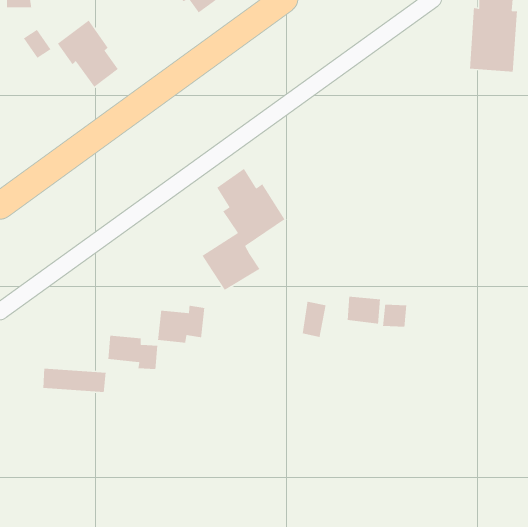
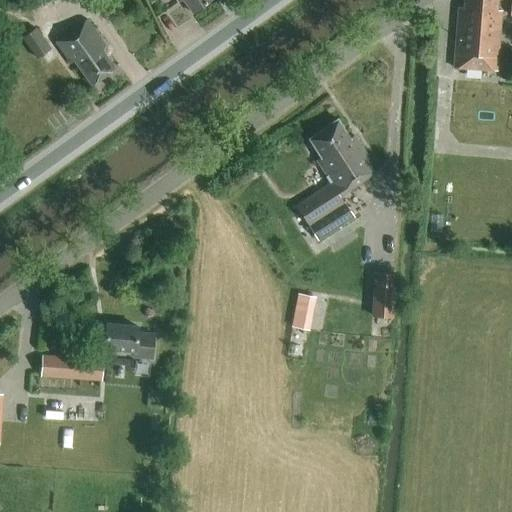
building: [202,168,285,291] -> [296,120,377,239]
building: [347,296,381,325] -> none
building: [157,305,205,343] -> none

